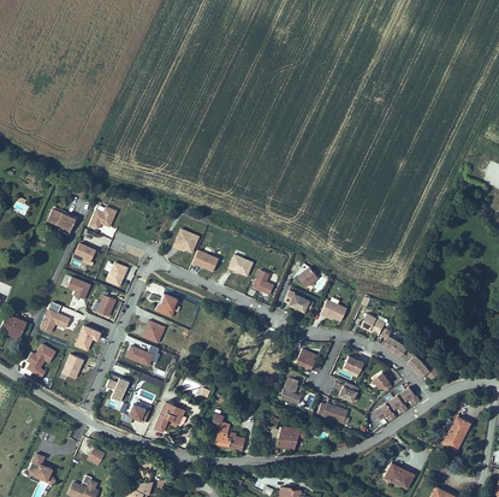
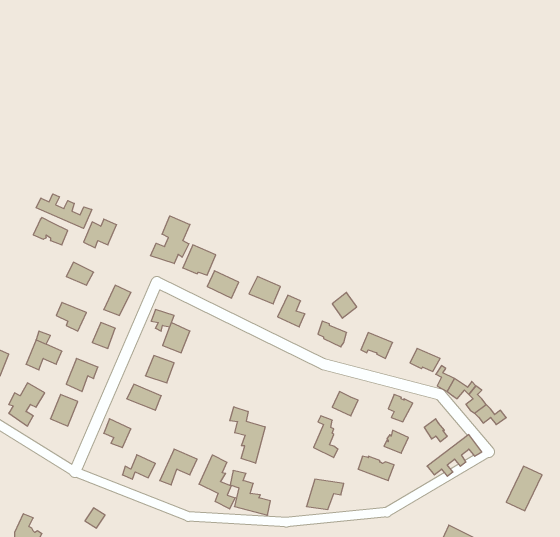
building: none -> [36,194,92,228]
building: none -> [151,216,190,264]
building: none -> [230,407,265,463]
building: none -> [199,455,235,509]

